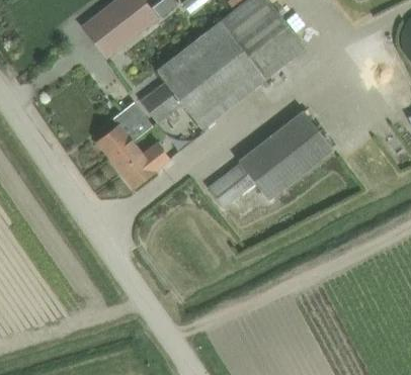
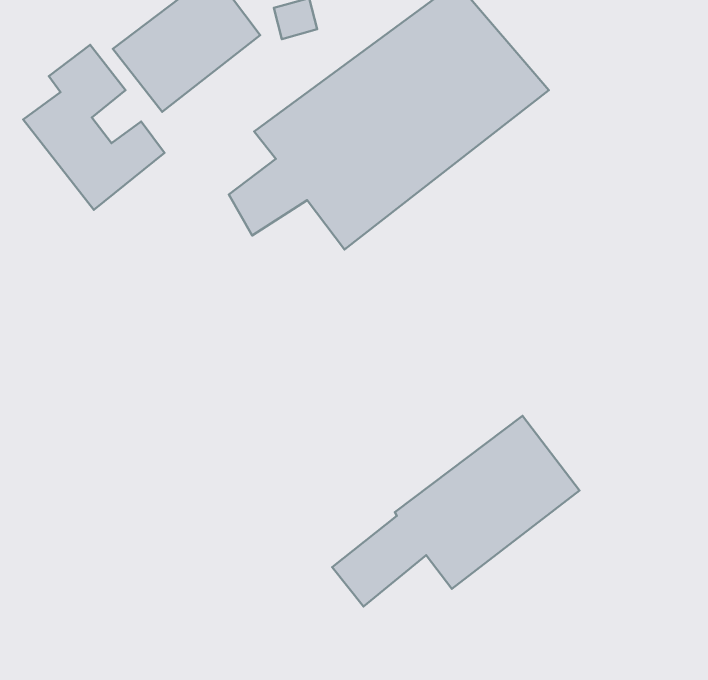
building: [97,103,170,188] -> [23,45,165,210]
building: [206,111,333,209] -> [332,416,579,606]

